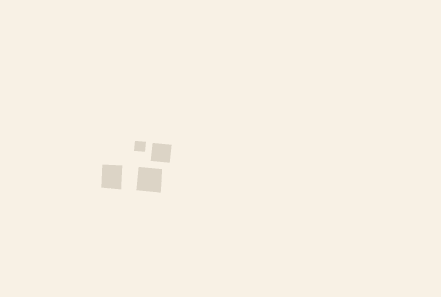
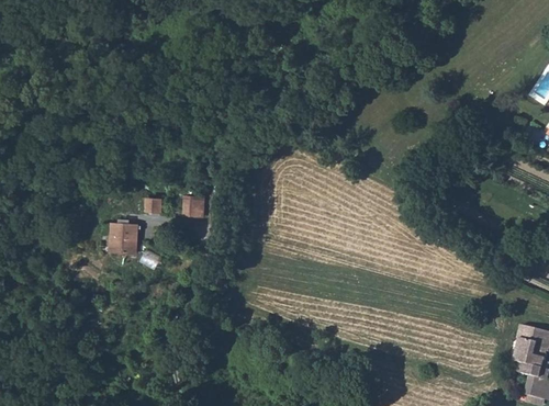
building: [136,166,163,193] -> none

